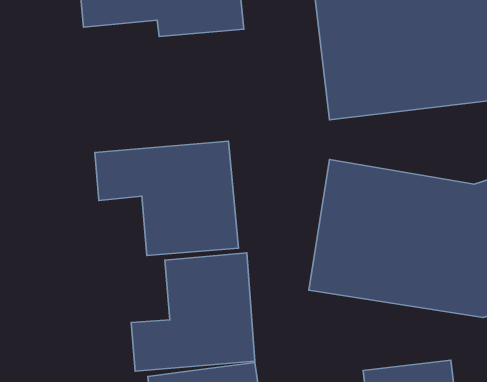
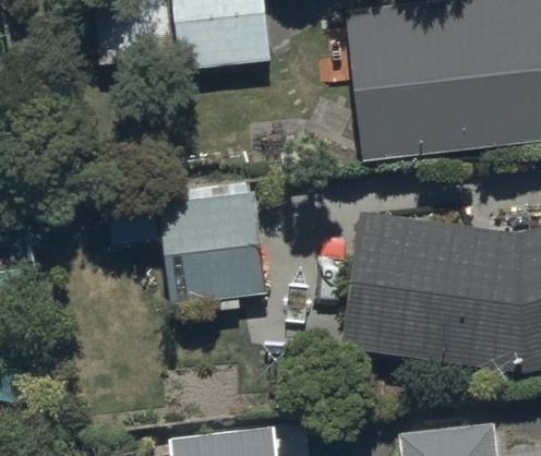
building: [131,253,255,371] -> none

